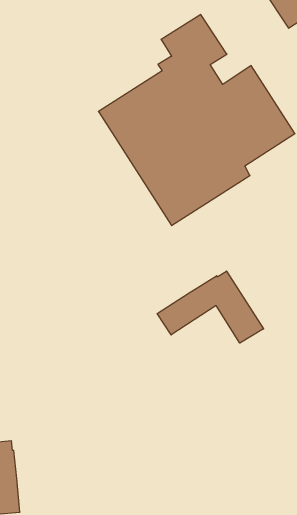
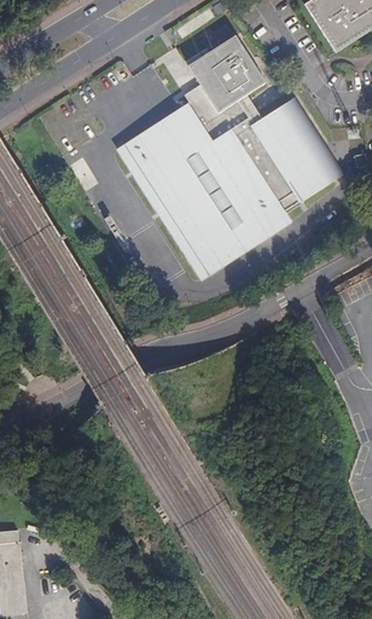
building: [157,271,264,343] -> none

